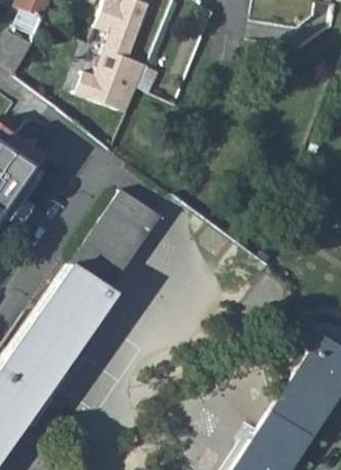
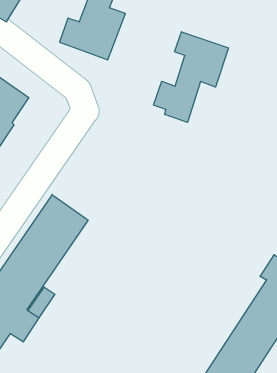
building: none -> [153,32,228,122]
building: [71,193,158,292] -> none

